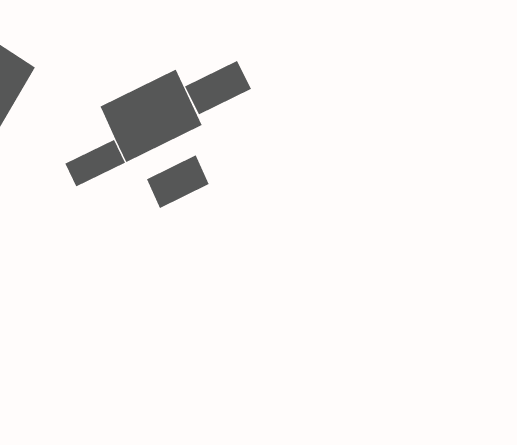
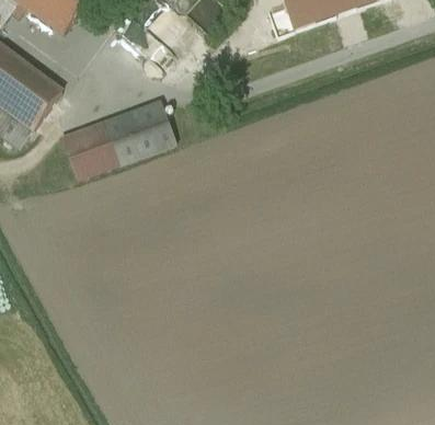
building: [184,60,252,115] -> none
building: [146,155,210,209] -> [66,125,111,161]

